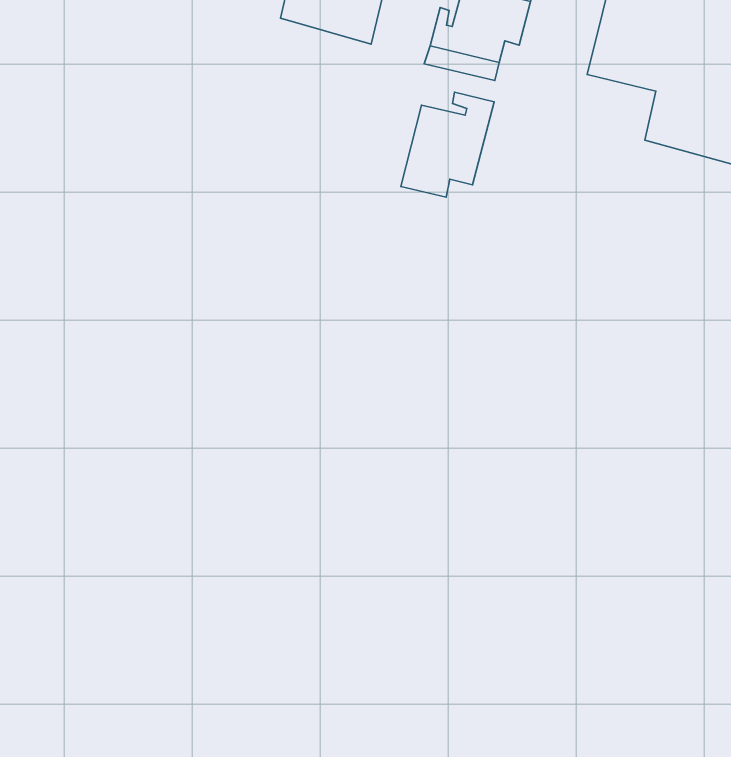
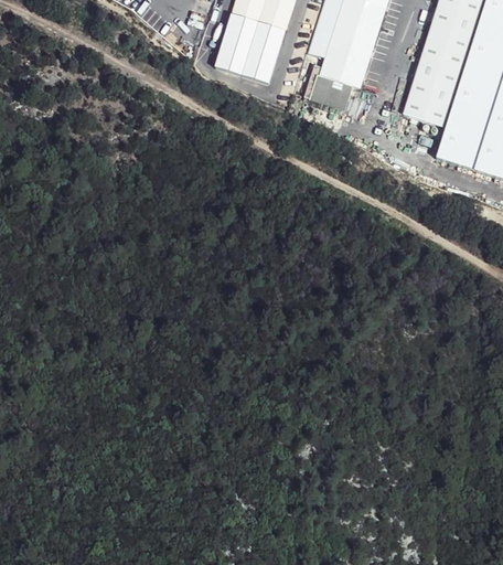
building: [401,92,494,197] -> none

